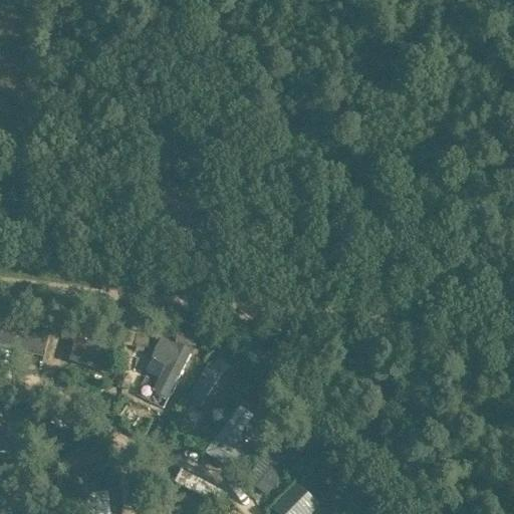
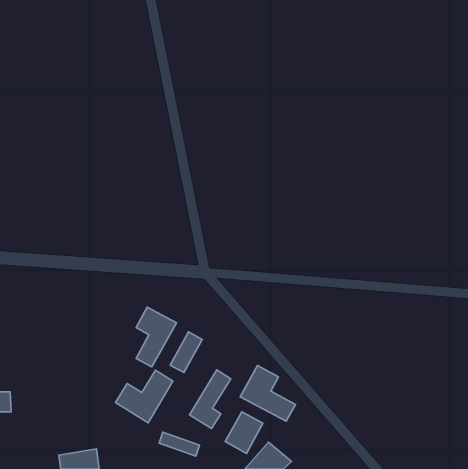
building: none -> [240,366,295,421]
building: none -> [116,370,173,423]

